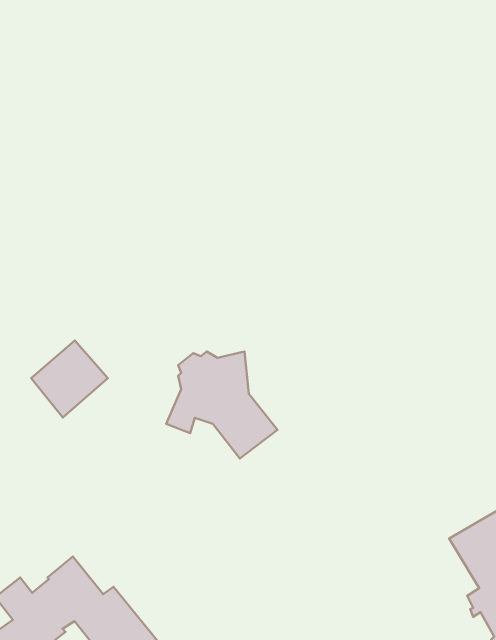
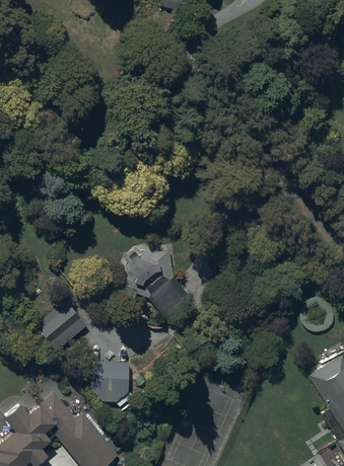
building: [31,341,108,417] -> [36,297,87,348]
building: none -> [91,362,129,403]

